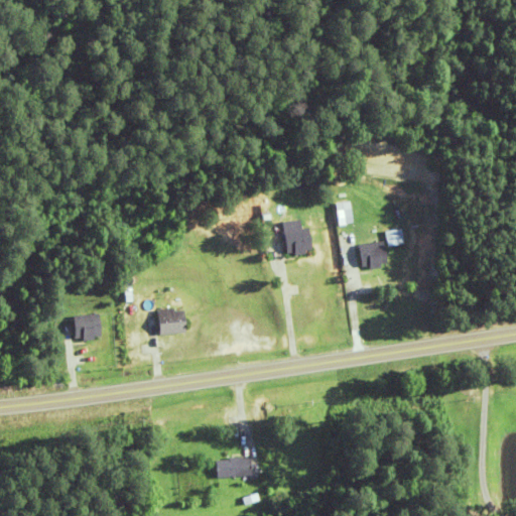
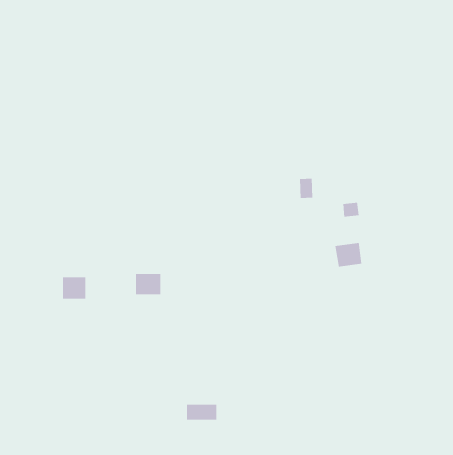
building: [284,220,312,253] -> none
building: [359,241,390,269] -> [335,242,362,267]

